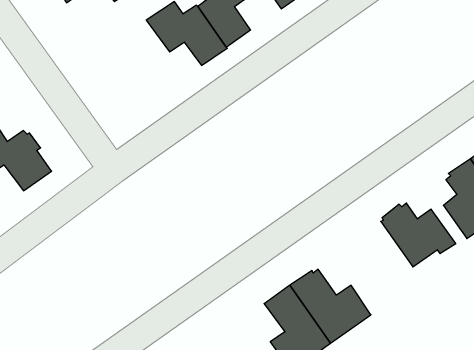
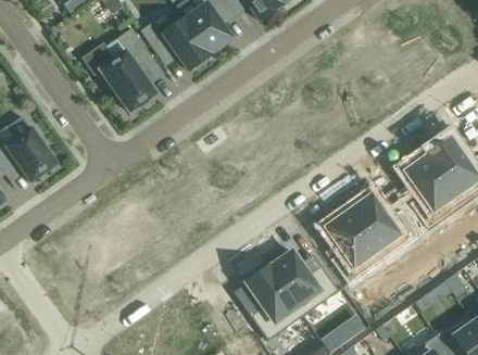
building: none -> [100,26,156,111]
building: none -> [322,207,376,277]

